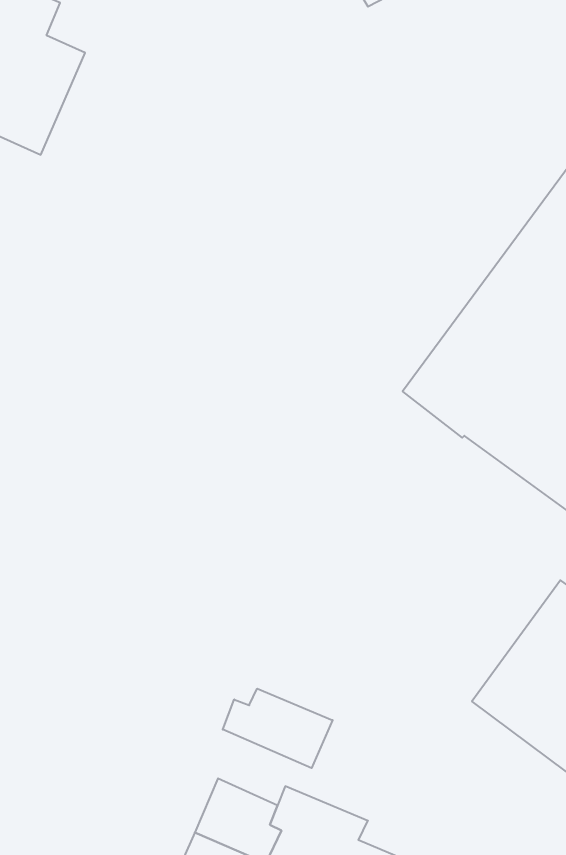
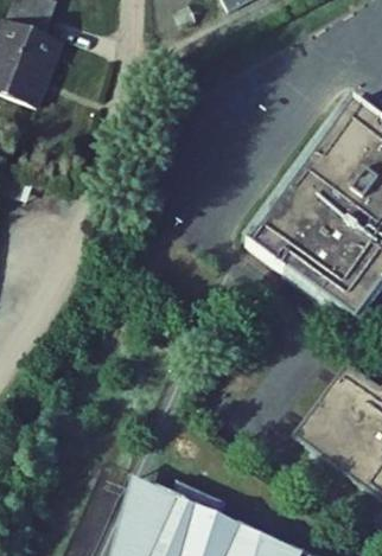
building: [223,689,333,768] -> none

